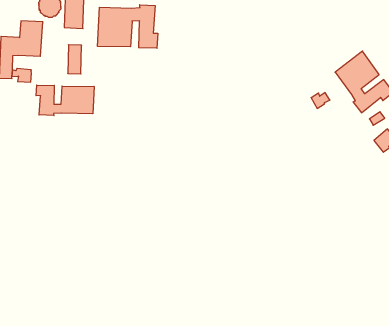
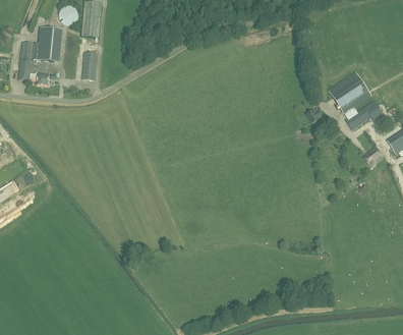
building: [98,5,158,48] -> none
building: [36,85,94,116] -> none

